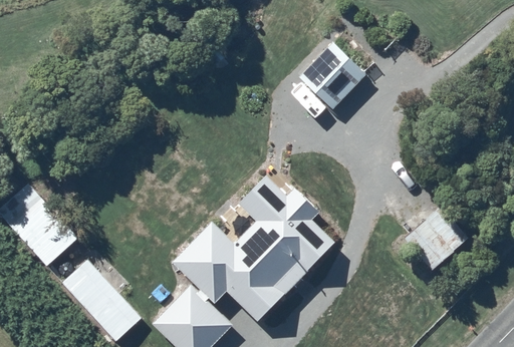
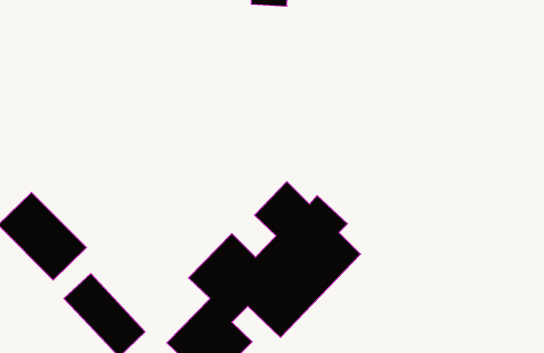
building: [298,43,360,106] -> none
building: [405,208,464,266] -> none

